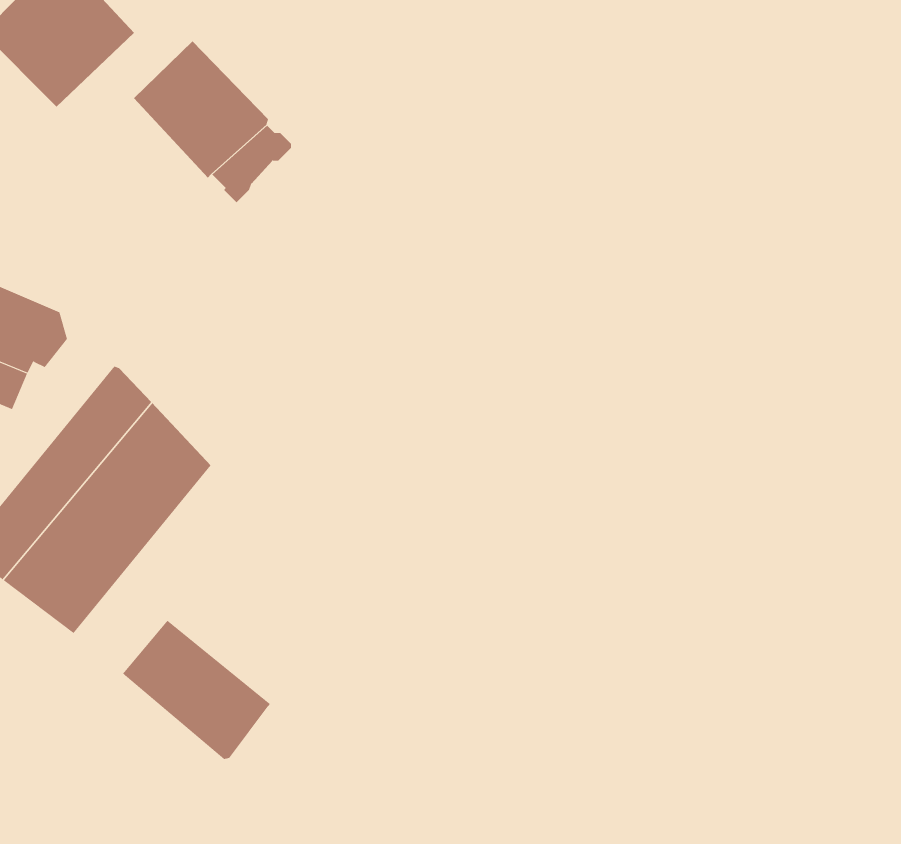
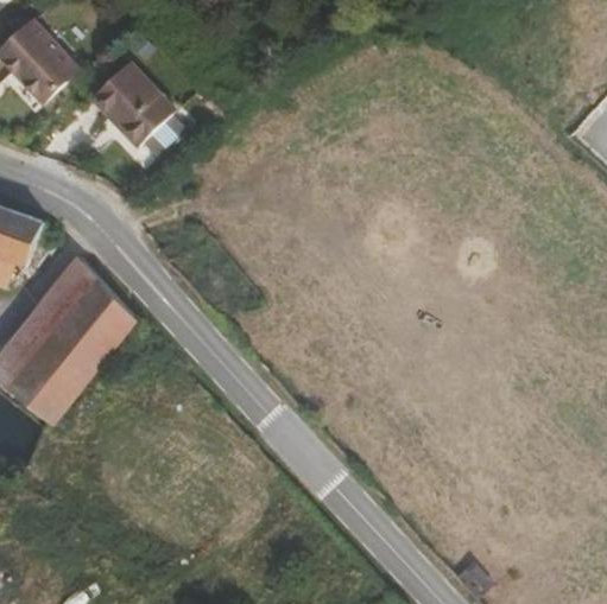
building: [122,620,271,760] -> none

